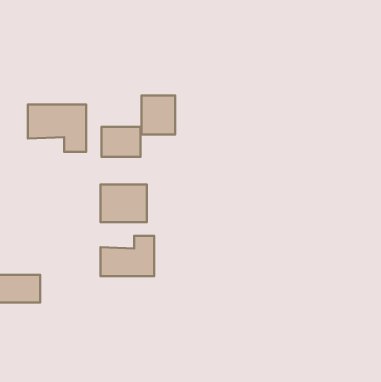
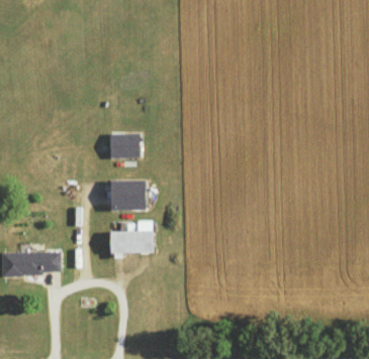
building: [141,95,175,134] -> none
building: [28,105,86,152] -> none

